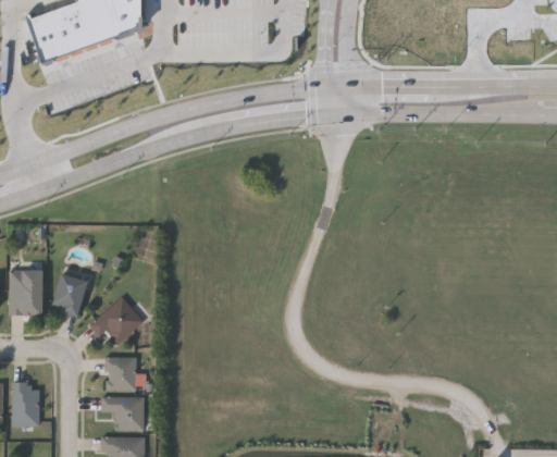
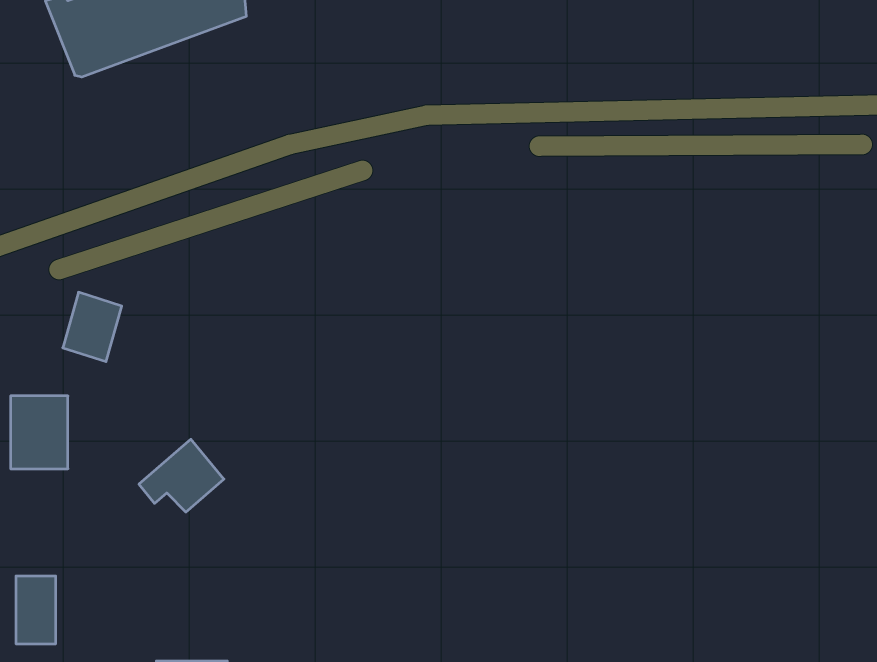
building: [52,272,89,316] -> [63,292,122,362]
building: [104,356,136,390] -> none
building: [100,396,145,429] -> none

